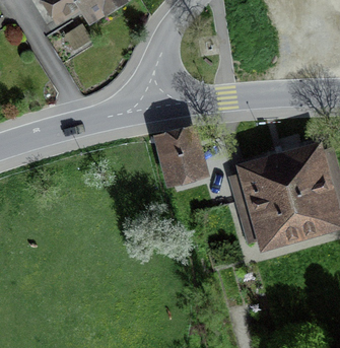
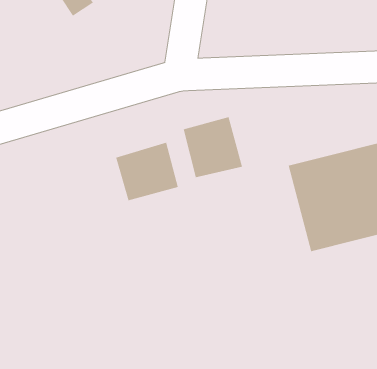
building: none -> [115,142,179,201]

